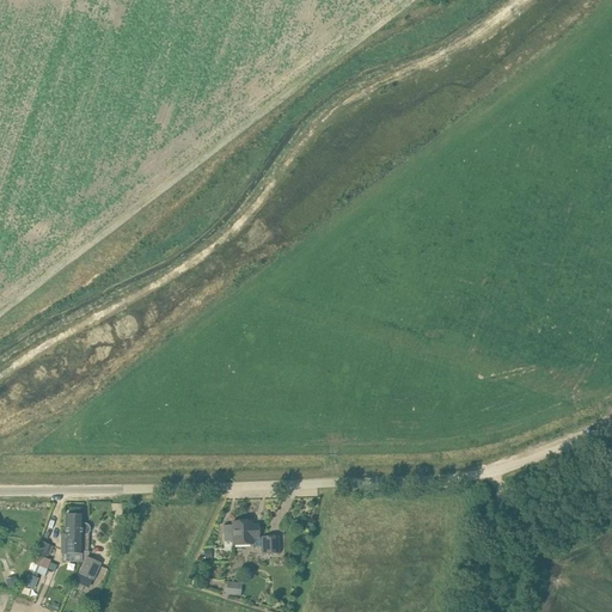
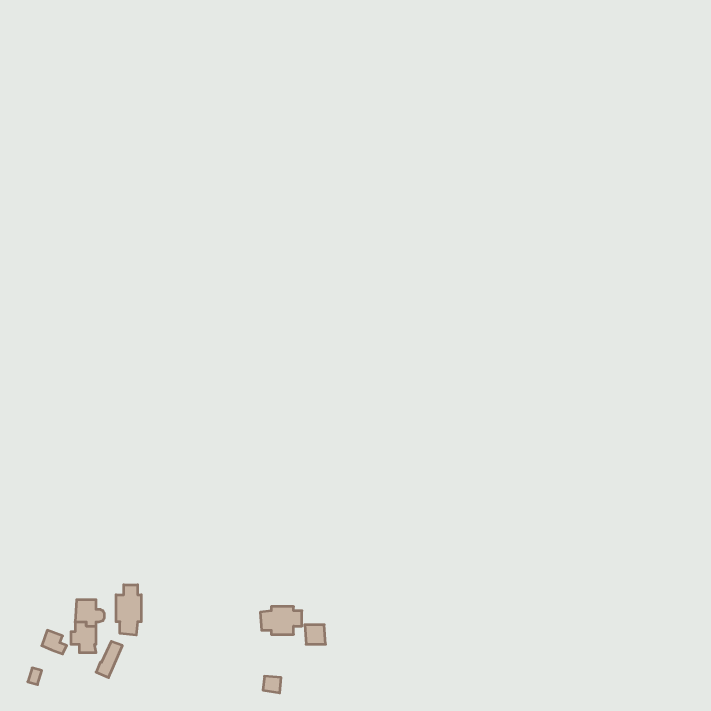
building: none -> [116,585,141,635]

